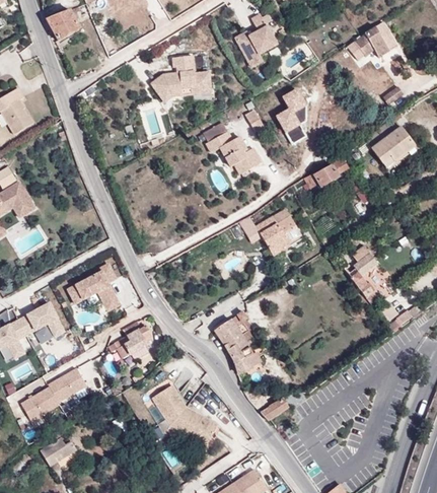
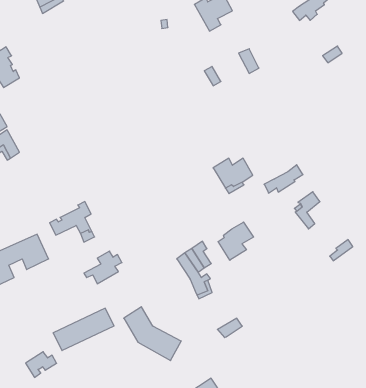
building: [150,56,210,101] -> none
building: [278,108,305,142] -> none
building: [364,118,414,166] -> none
building: [204,124,261,174] -> none
building: [303,156,348,189] -> [264,165,303,193]
building: none -> [218,222,254,260]
building: [19,369,89,418] -> [53,308,114,351]

